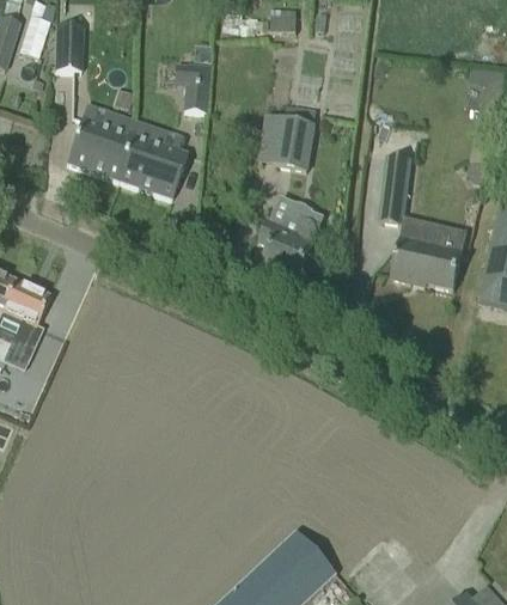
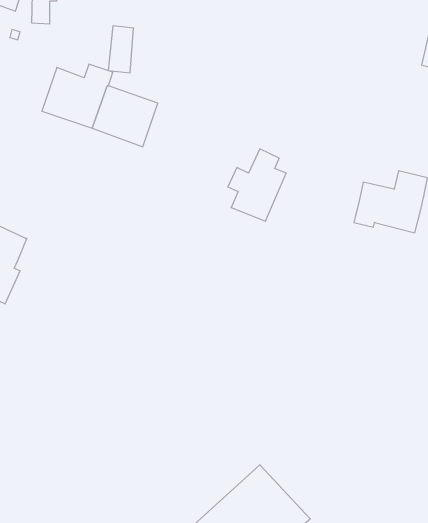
building: [183,62,209,111] -> [108,26,134,73]
building: [259,115,314,170] -> none
building: [379,154,410,224] -> none

